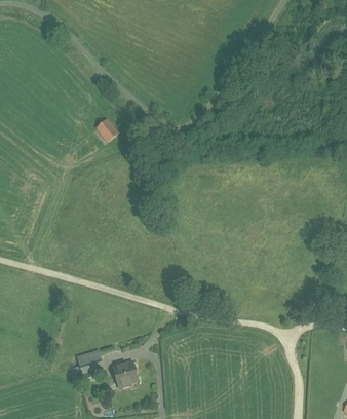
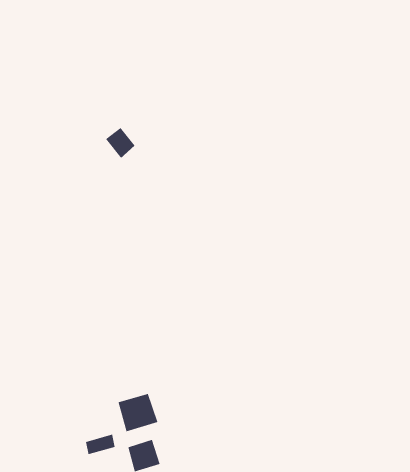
building: none -> [118,393,158,432]

